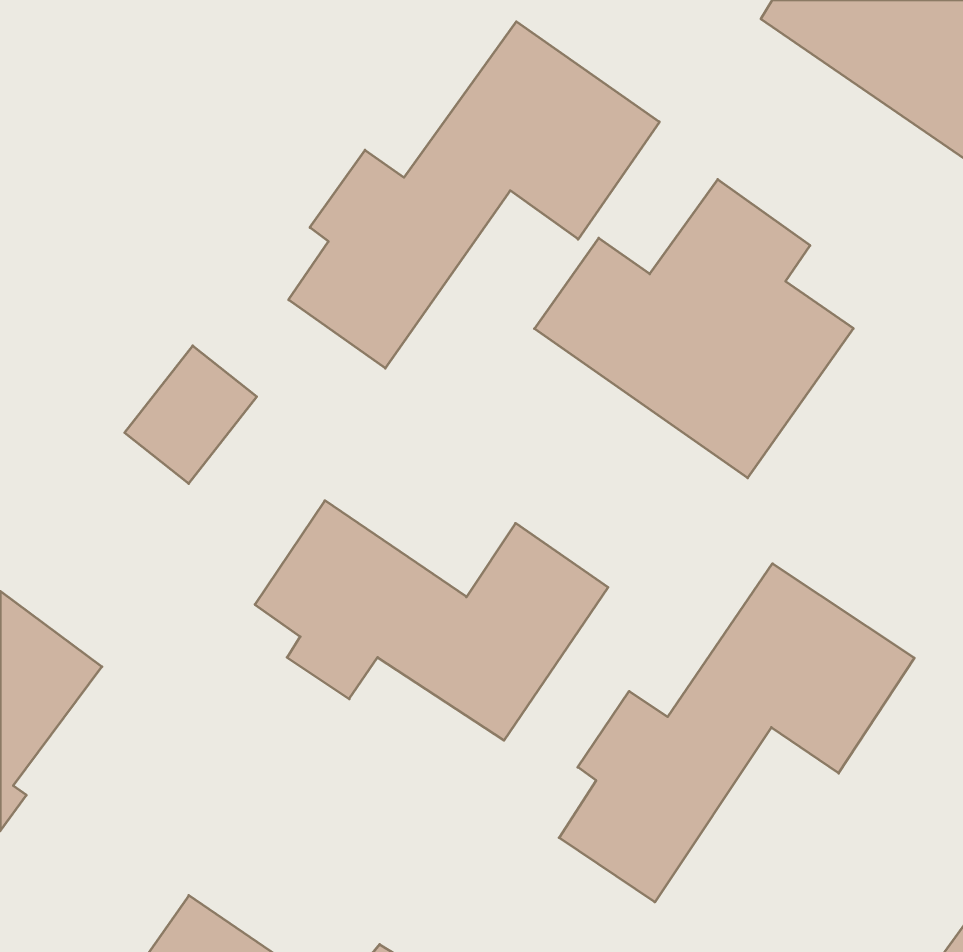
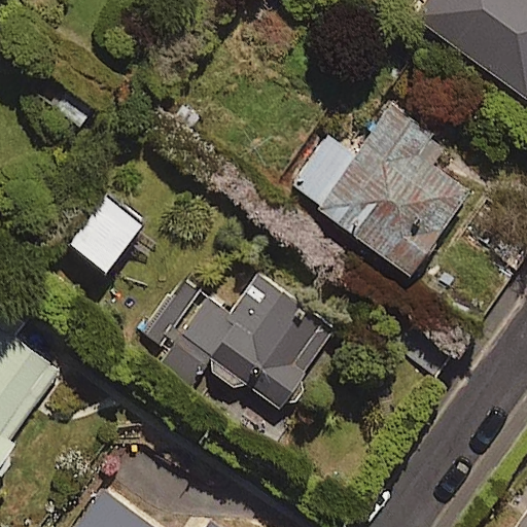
building: [289,22,659,368] -> none
building: [559,564,914,902] -> none

